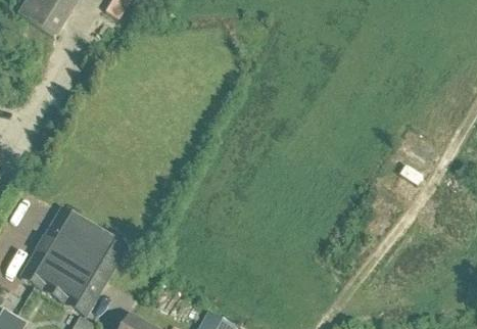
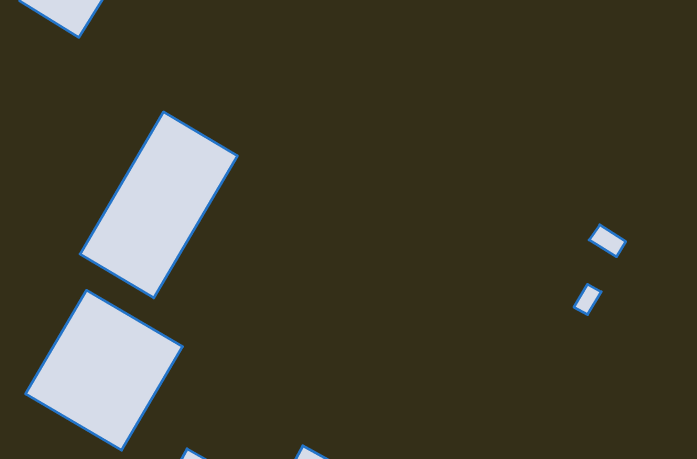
building: none -> [80,112,237,298]

